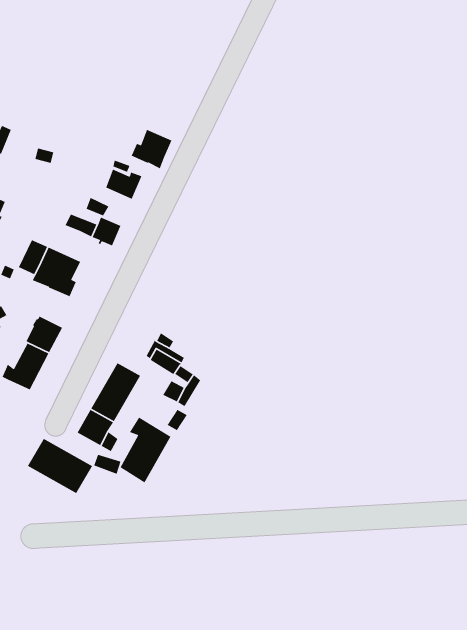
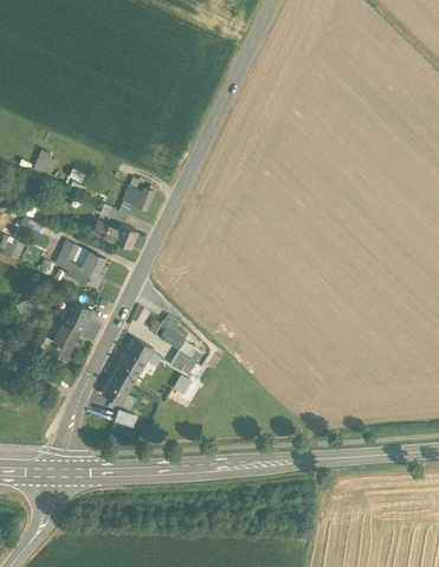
building: [130,129,172,170] -> none
building: [119,417,171,483] -> none
building: [27,438,93,494] -> none

